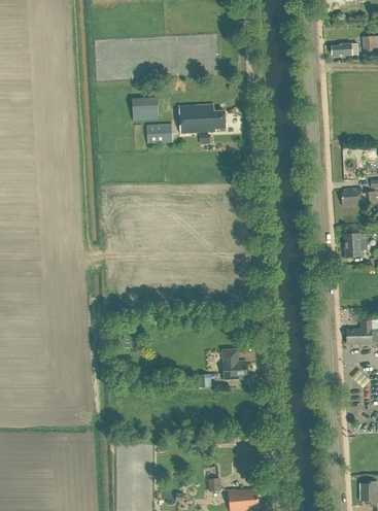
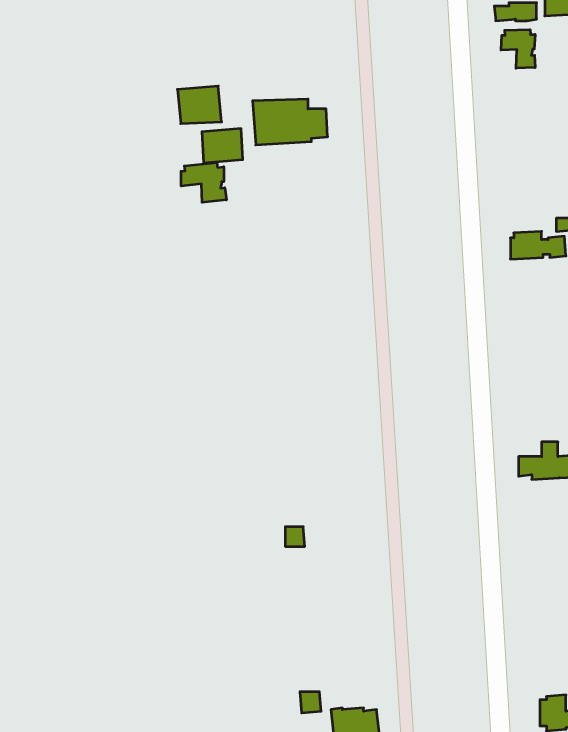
building: none -> [501,30,535,68]
building: none -> [181,163,226,202]
building: [343,233,367,257] -> none
building: [221,348,247,379] -> none

